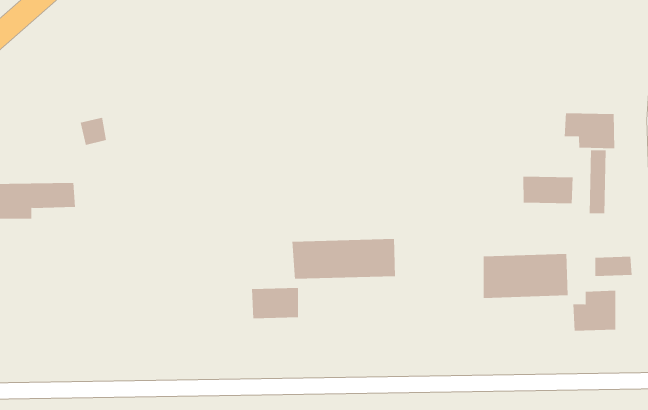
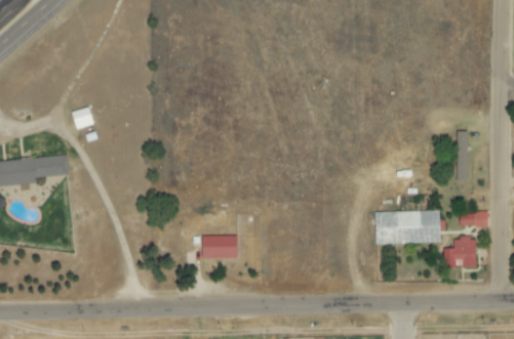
building: [564,112,615,149] -> none
building: [523,176,573,204] -> none
building: [292,238,396,280] -> none

